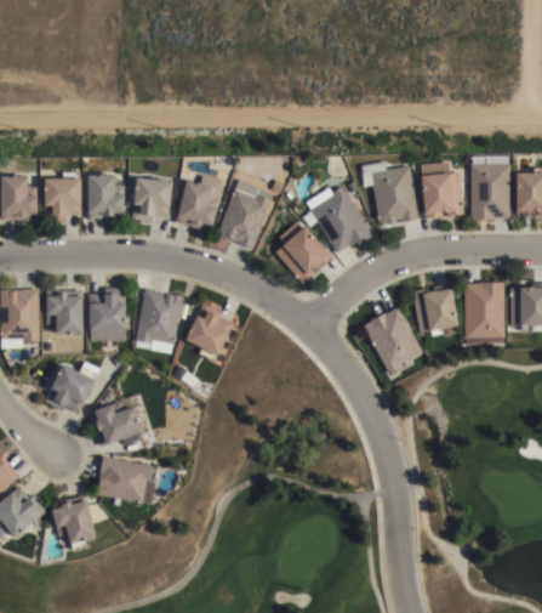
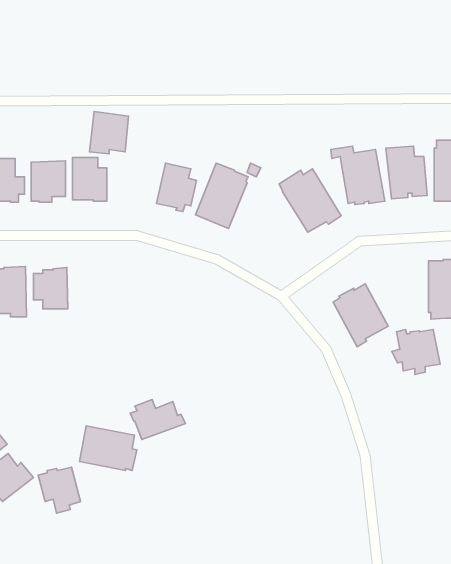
building: [132,176,173,221] -> [90,112,129,154]
building: [275,222,332,284] -> none
building: [90,288,126,341] -> none
building: [136,289,184,353] -> none
building: [407,289,458,336] -> [392,330,440,374]
building: [187,303,234,362] -> none
building: [45,364,98,414] -> none
building: [90,404,148,447] -> [130,399,185,440]

